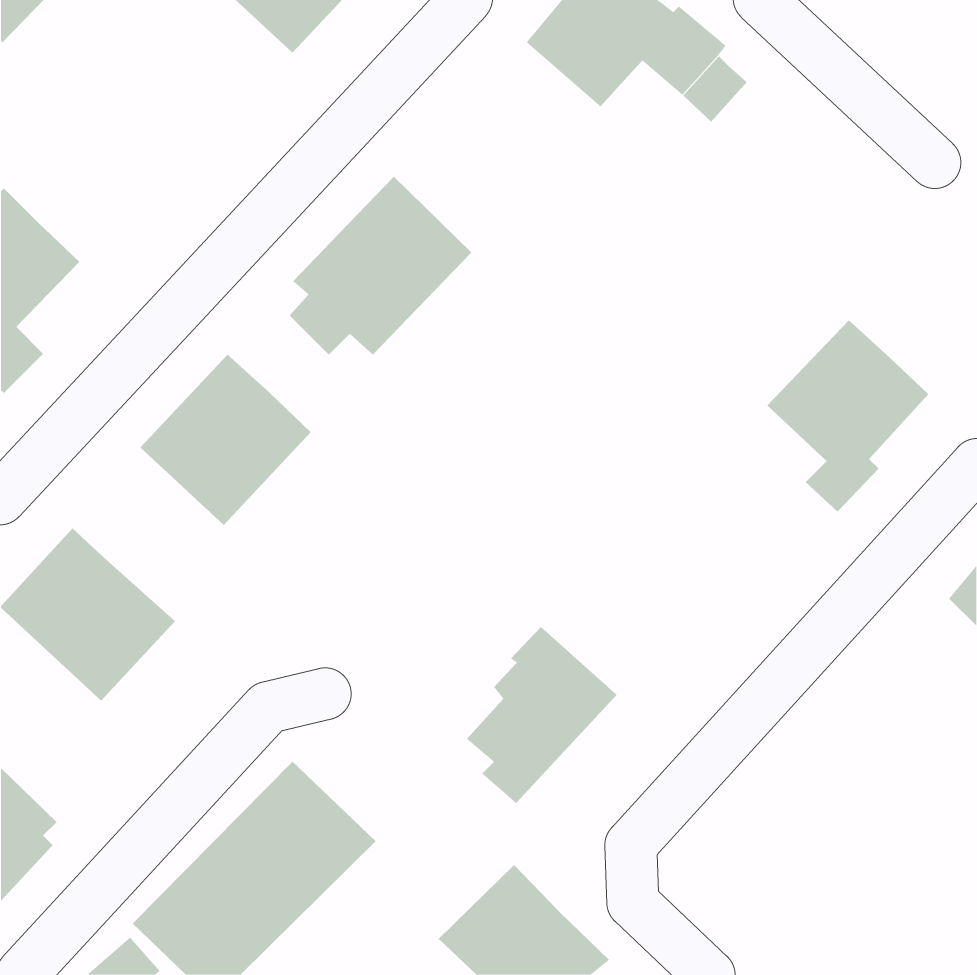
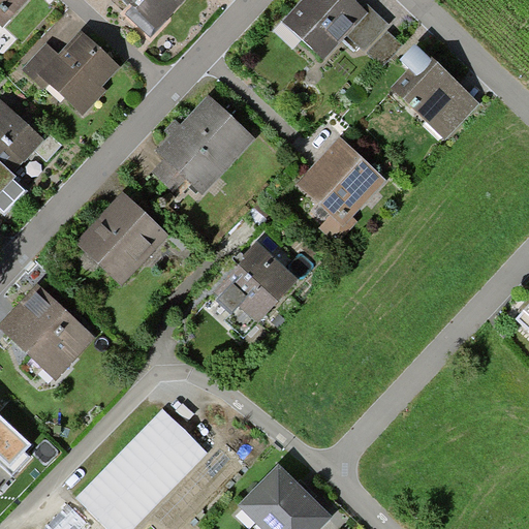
building: none -> [20,35,119,115]
building: none -> [393,43,480,138]
building: [767,320,929,513] -> [295,138,383,243]
building: [466,626,617,804] -> [216,240,298,336]

